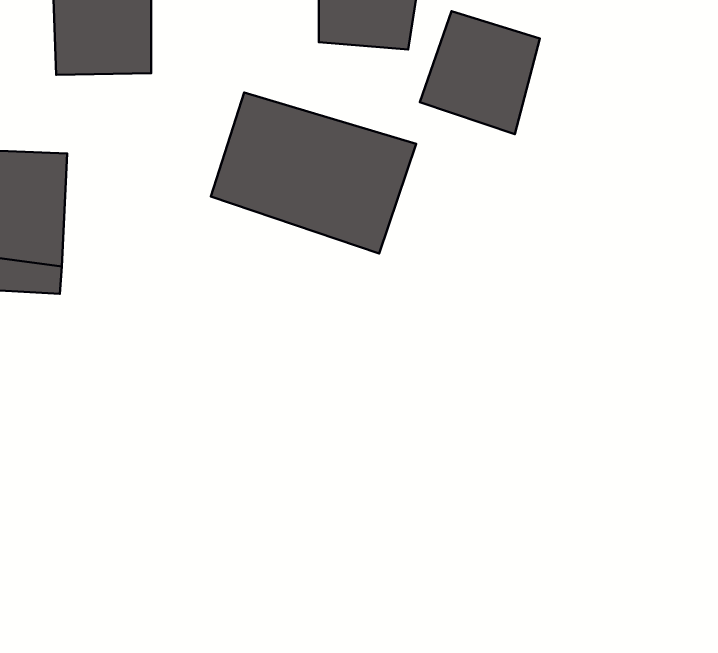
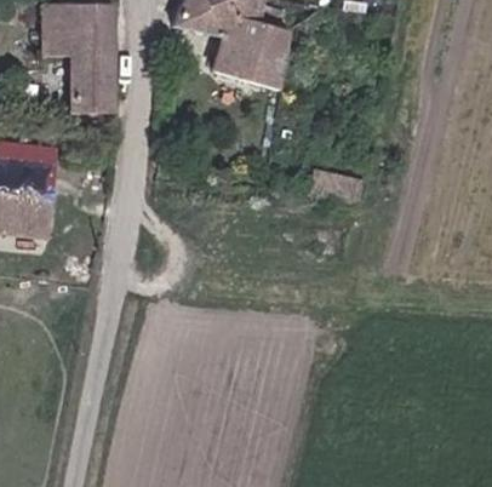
building: [420,11,540,134] -> none
building: [211,92,416,253] -> none

